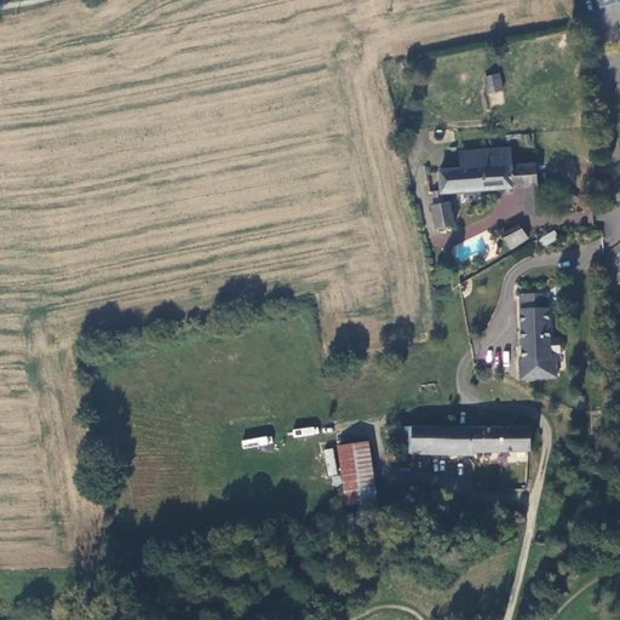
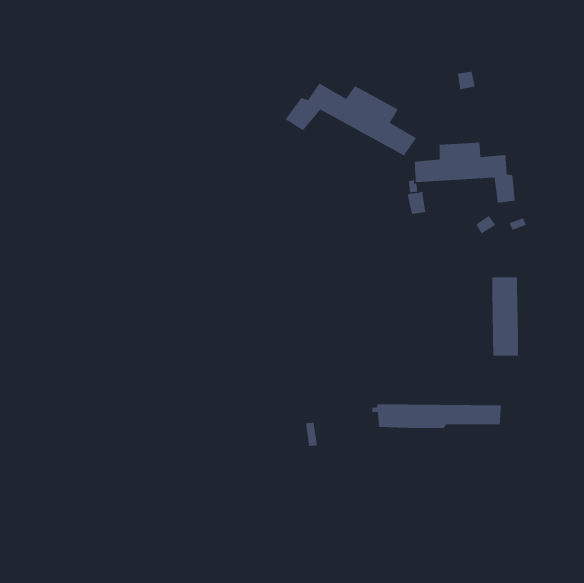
building: none -> [284,83,417,157]
building: [338,441,378,501] -> none

